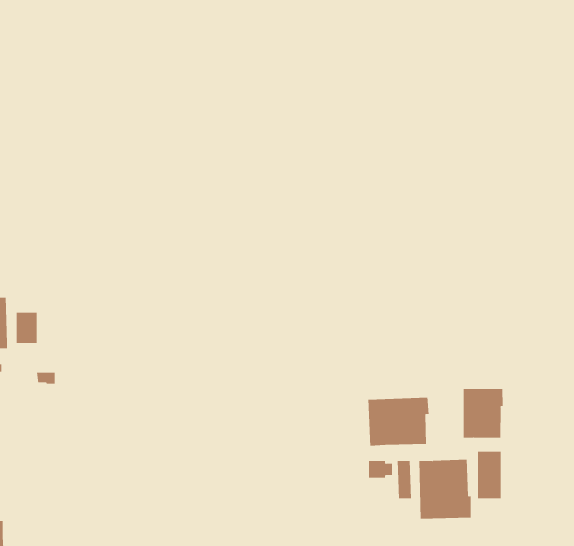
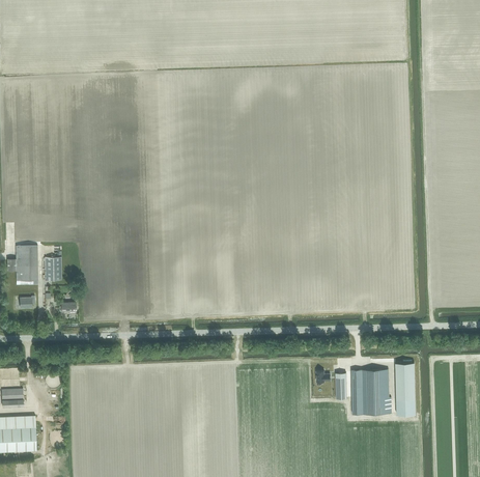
building: [463,388,503,438] -> none
building: [368,397,429,446] -> none

